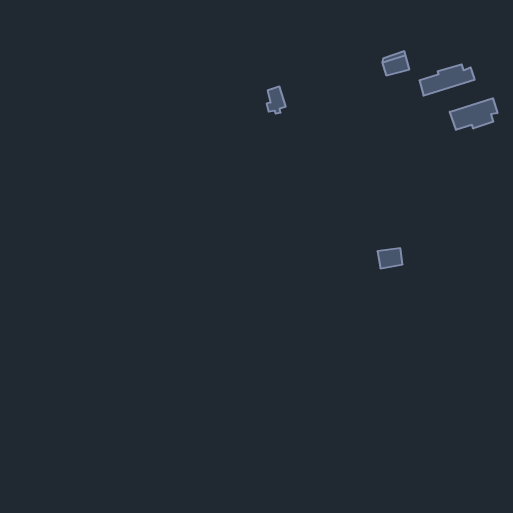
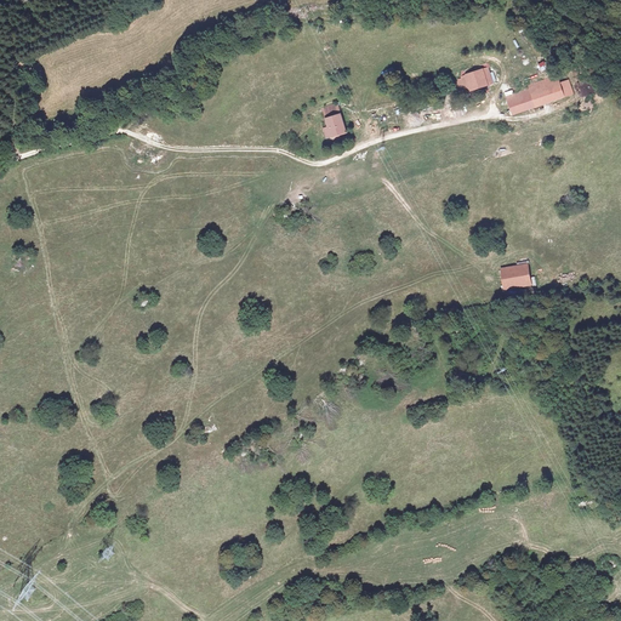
building: [450,98,497,130] -> none
building: [377,248,403,268] -> [496,266,526,290]

